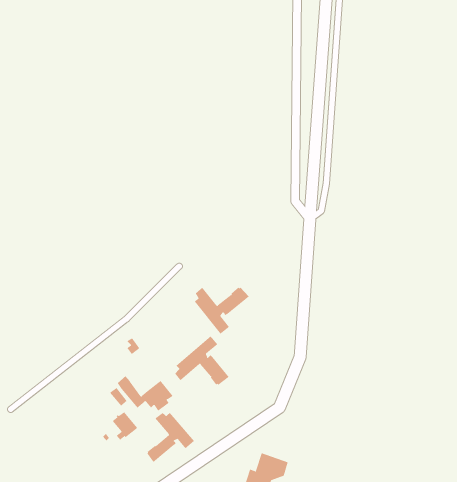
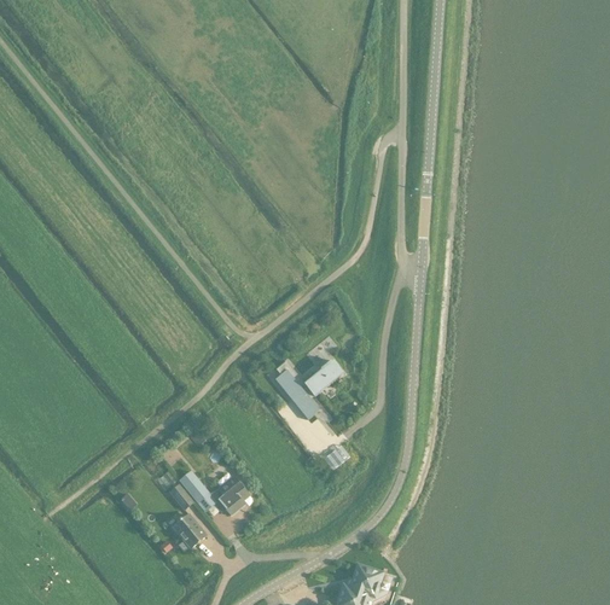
building: [174,336,230,386] -> none
building: [146,412,195,463] -> none

